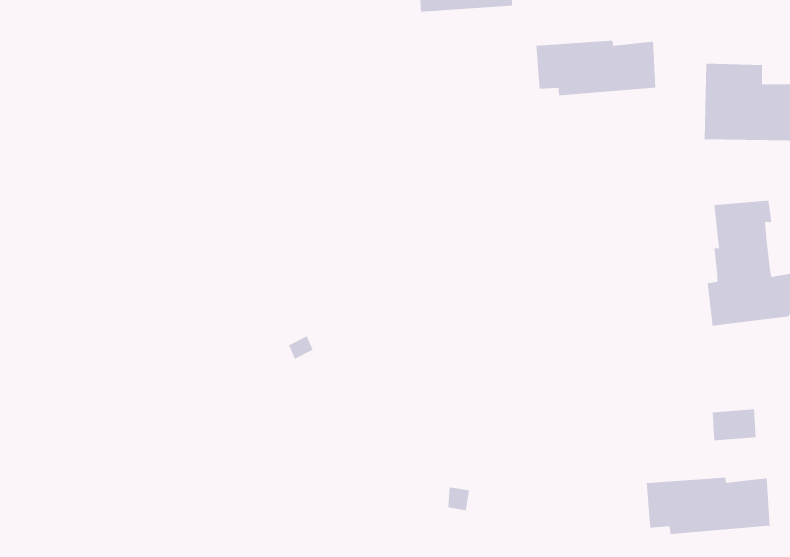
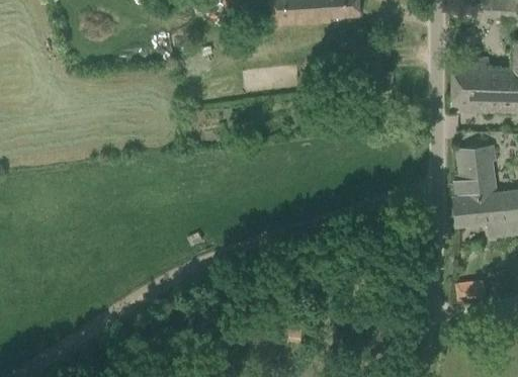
building: [536,40,656,96] -> none
building: [646,477,770,535] -> none

